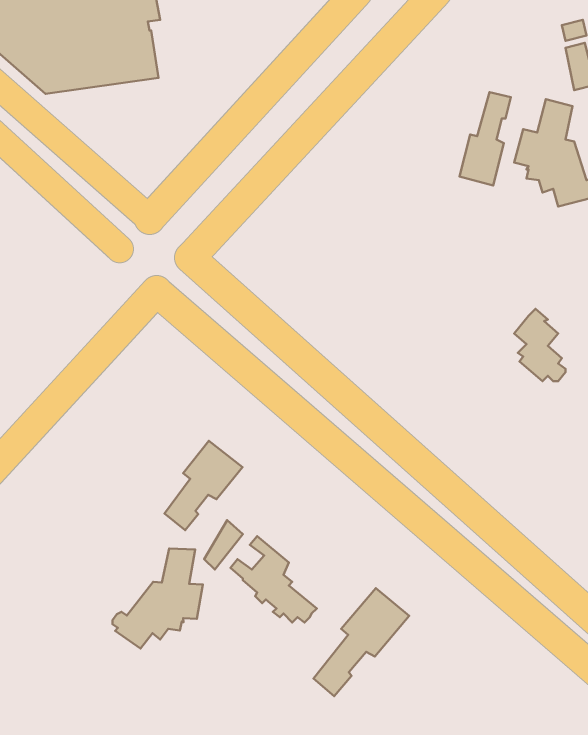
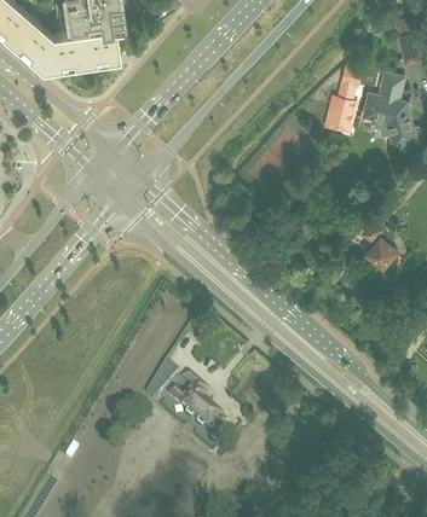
building: [164,441,242,530] -> none
building: [112,549,203,649] -> none
building: [313,588,409,696] -> none

